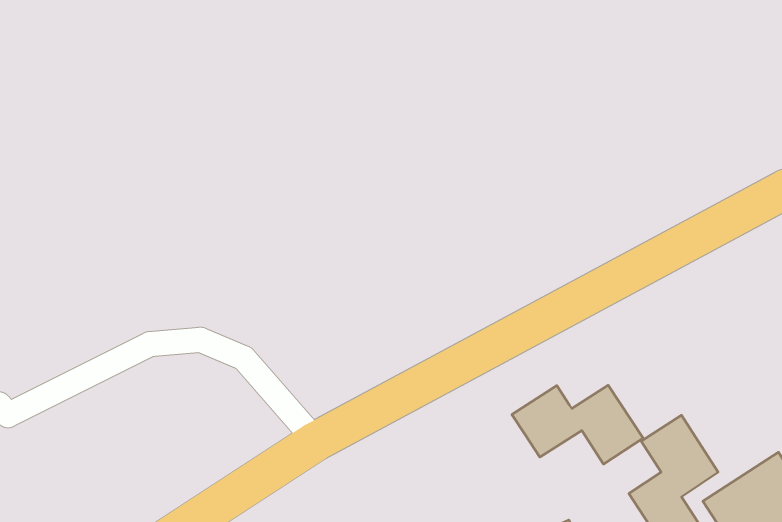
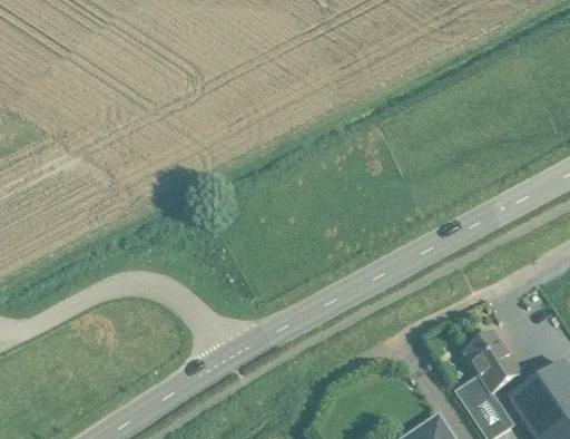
building: [512,385,643,464] -> none

